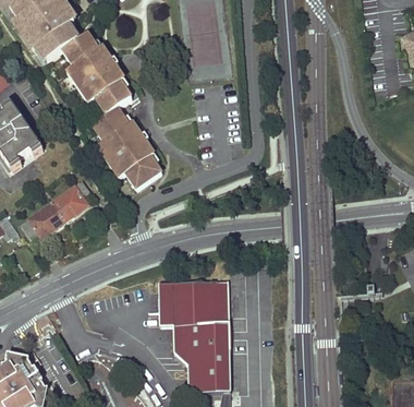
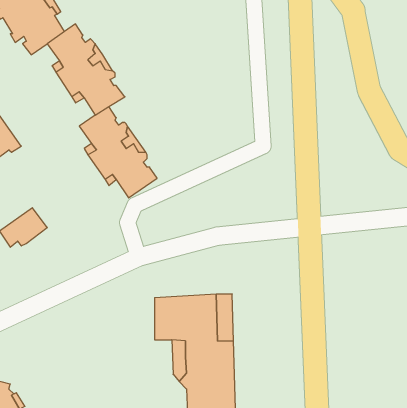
building: [51,180,92,219] -> none

